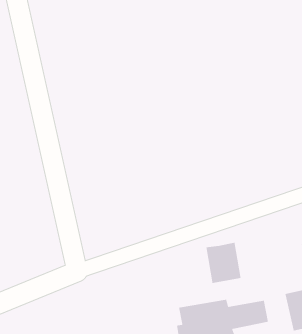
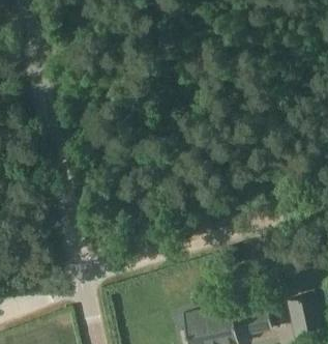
building: [206,242,241,284] -> none

